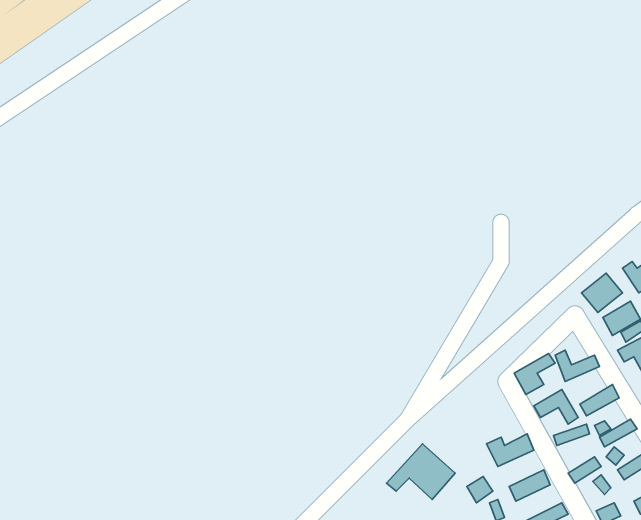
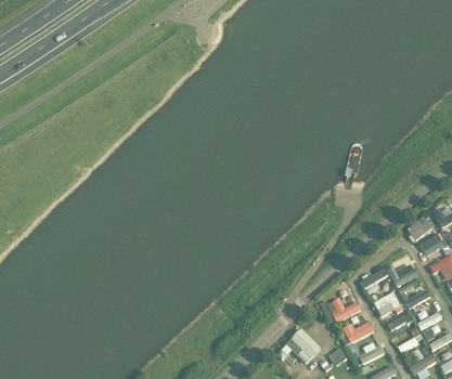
building: none -> [323,297,362,323]

